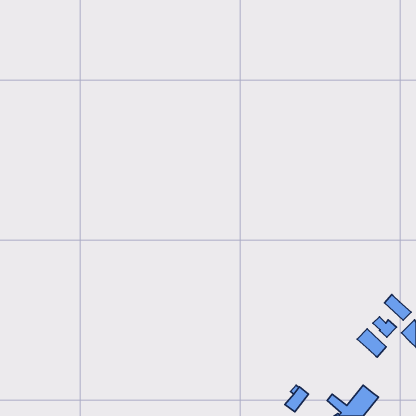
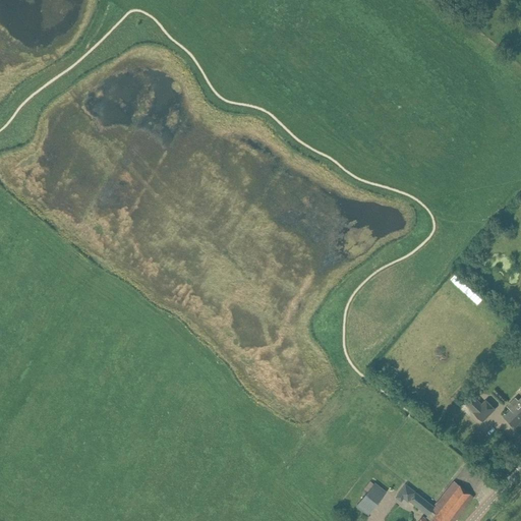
building: [384,295,411,320] -> none
building: [357,329,386,357] -> none

